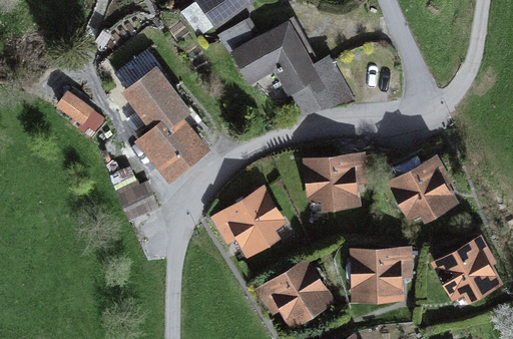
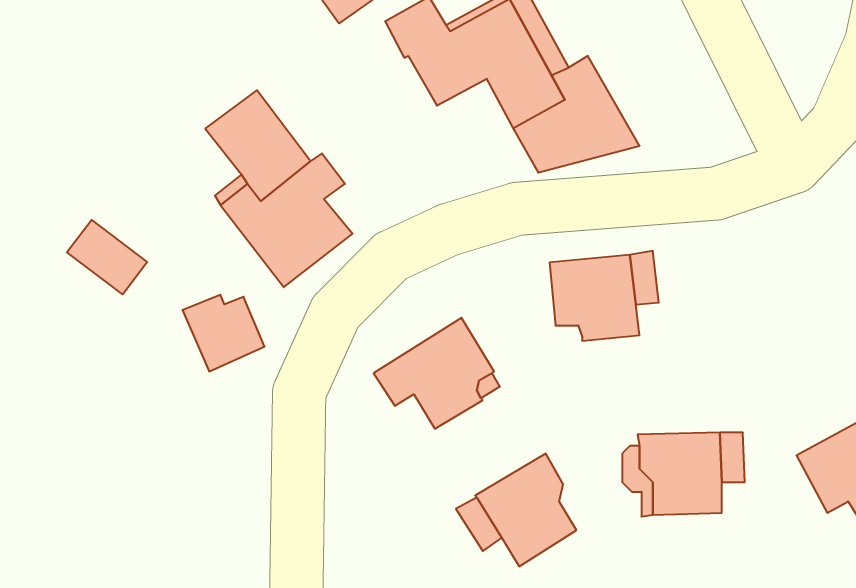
building: [115,52,161,94] -> none
building: [59,88,101,127] -> [67,220,147,294]
building: [385,149,452,217] -> none

